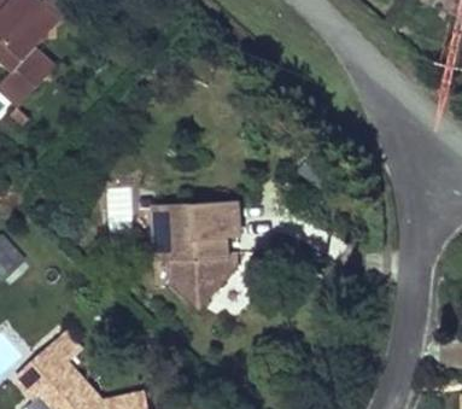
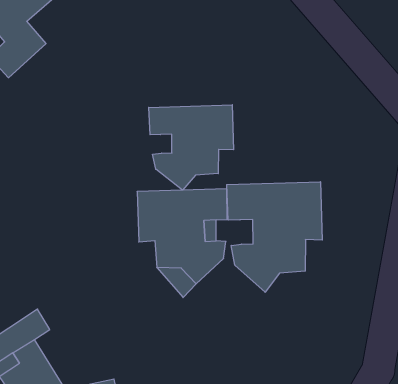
building: none -> [149,105,234,190]
building: none -> [227,182,322,292]

